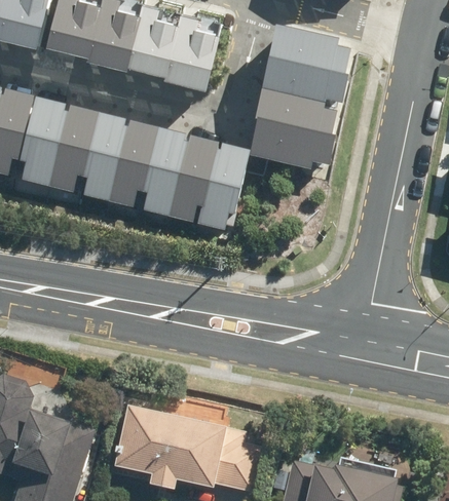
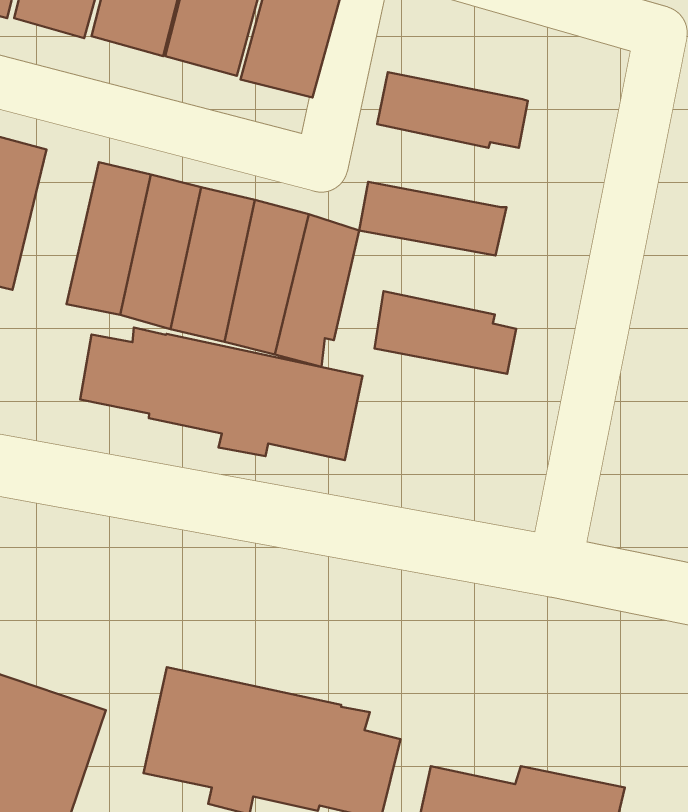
building: [262,32,344,81] -> none
building: [251,95,332,143] -> [374,291,516,374]
building: [47,110,97,198] -> none
building: none -> [80,327,362,460]

